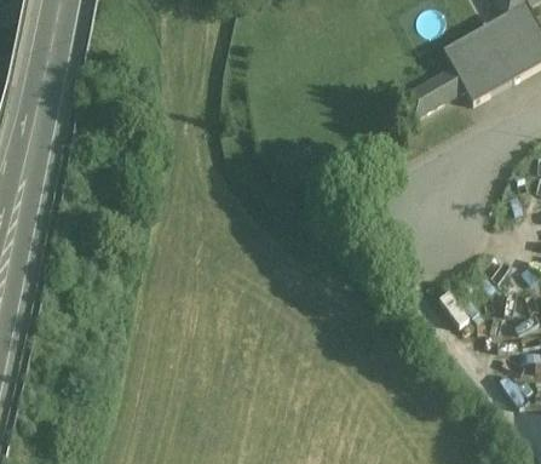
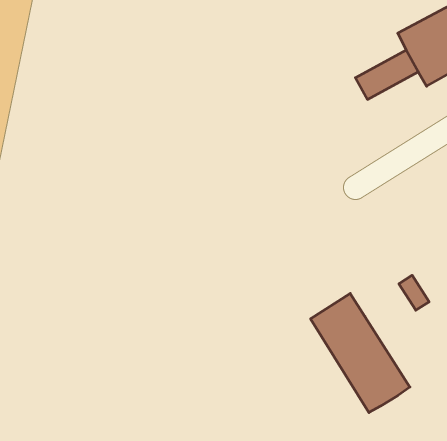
building: none -> [311,293,410,413]

